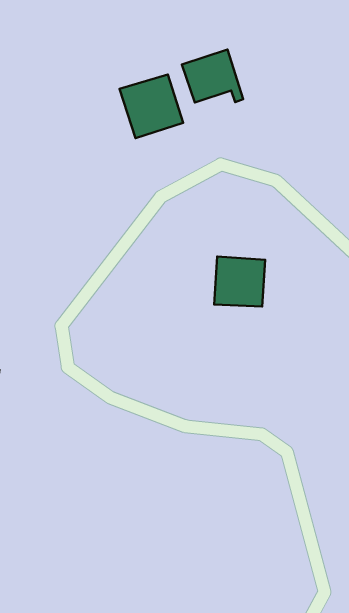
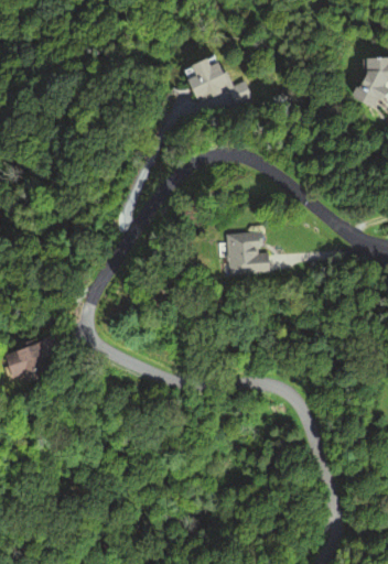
building: [120,75,183,138] -> none

